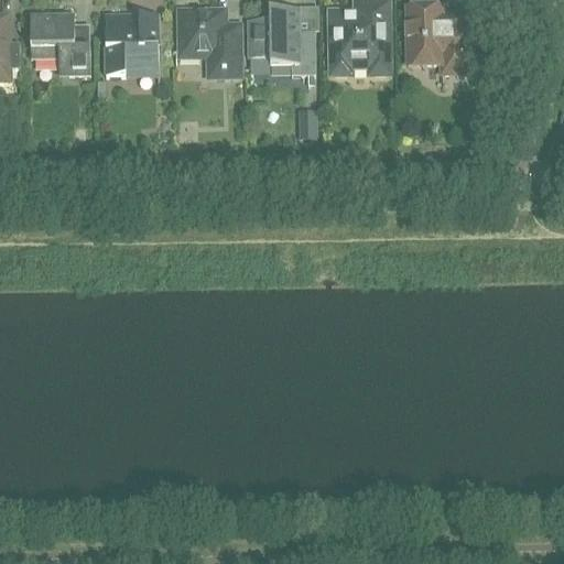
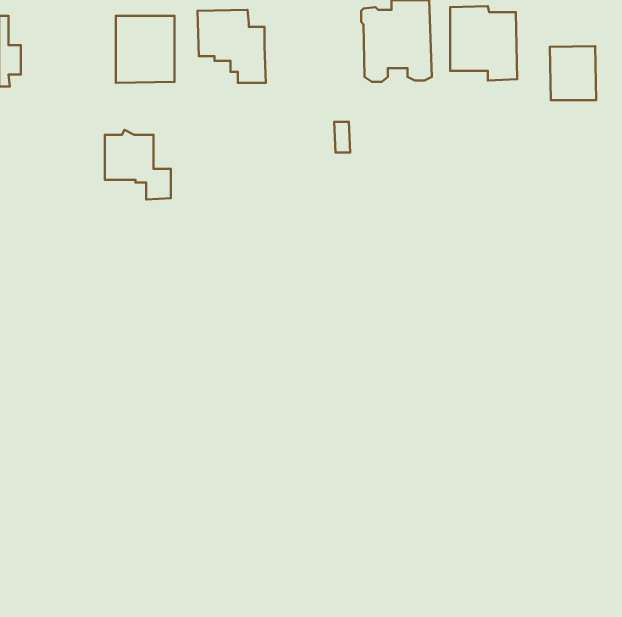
building: [248,8,315,74] -> none
building: [30,11,89,74] -> [105,130,171,199]
building: none -> [550,46,596,100]

